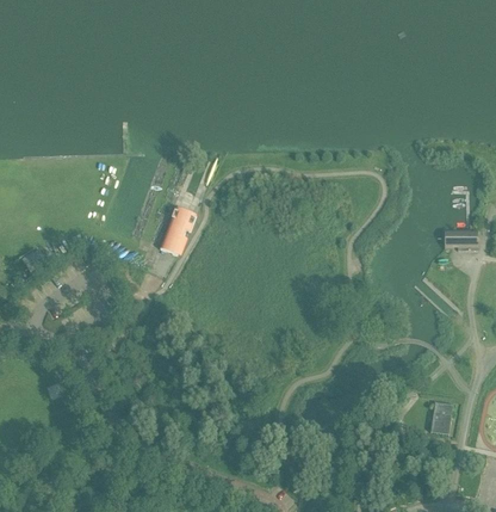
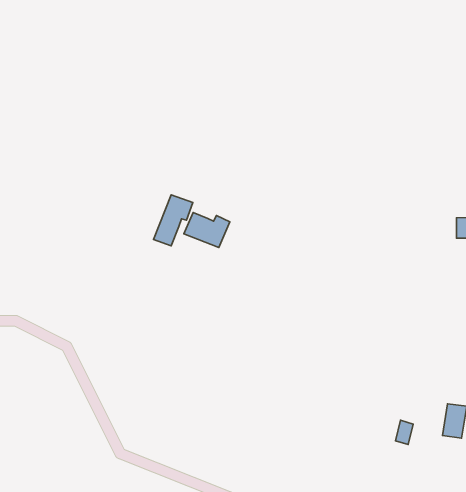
building: none -> [184,212,230,248]

